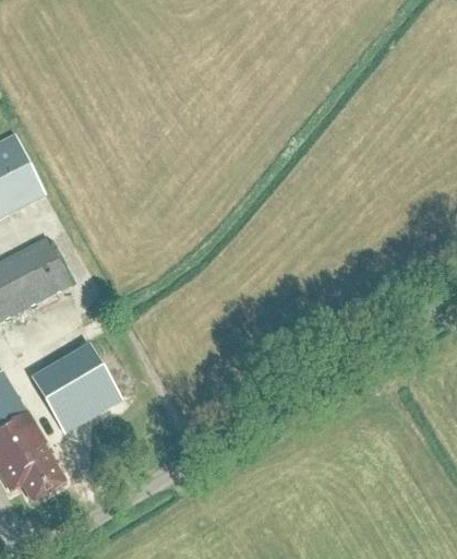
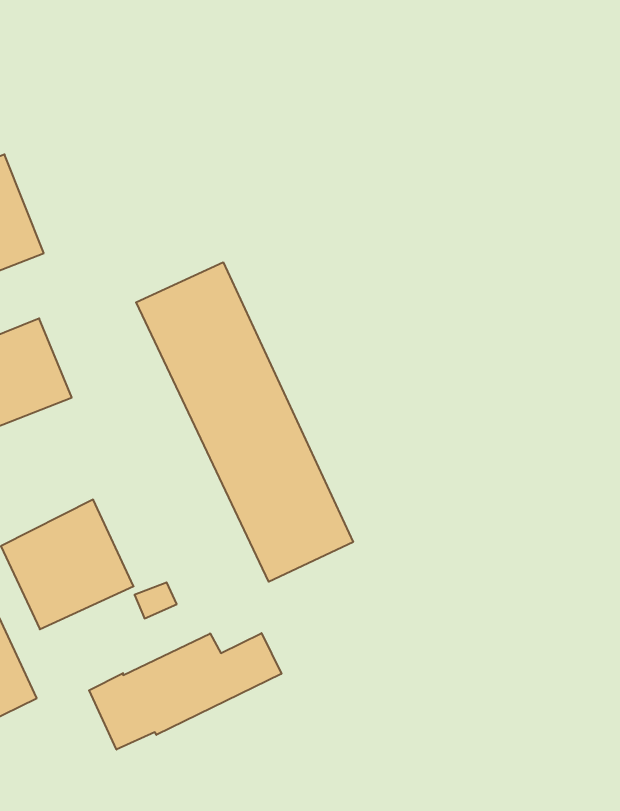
building: none -> [136,262,353,582]
building: none -> [89,633,281,750]

